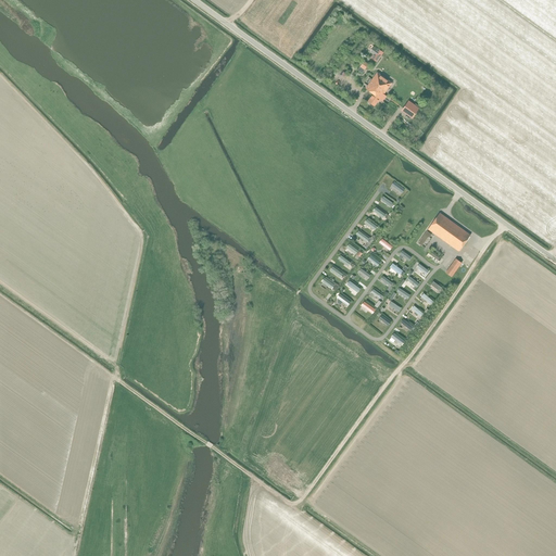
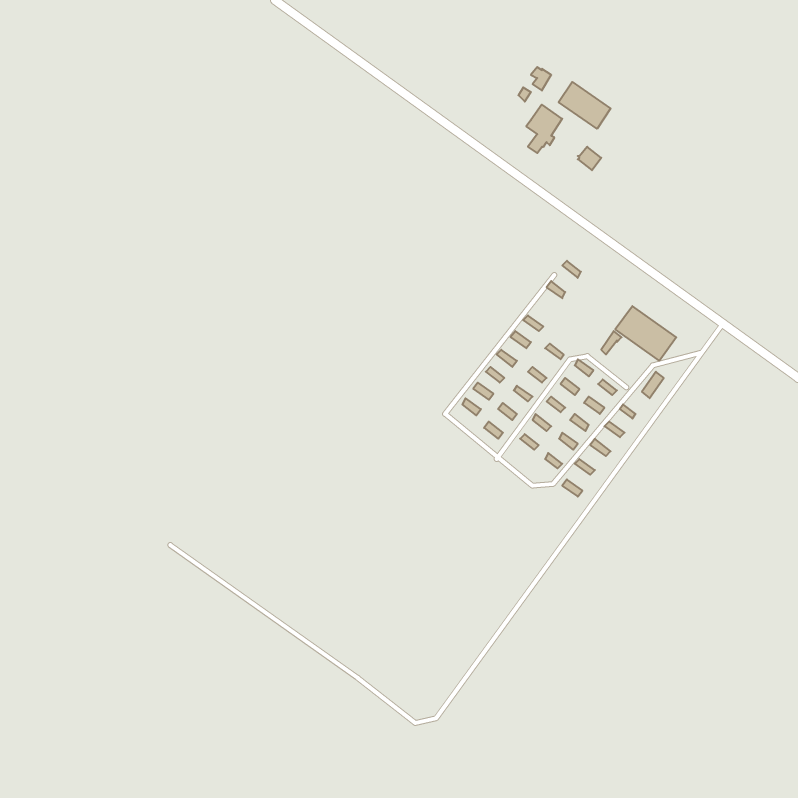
building: none -> [559,82,611,129]

